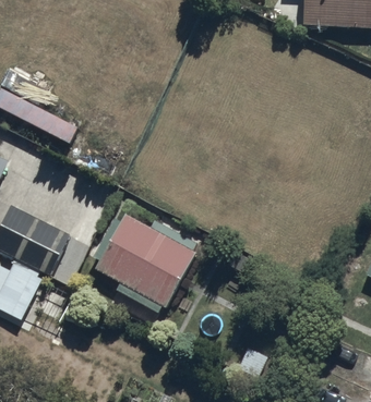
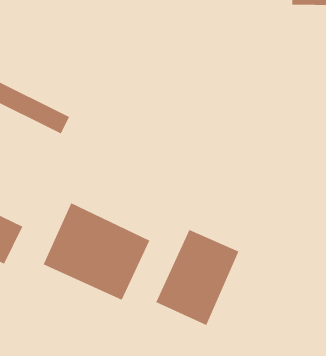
building: none -> [155,229,239,326]

